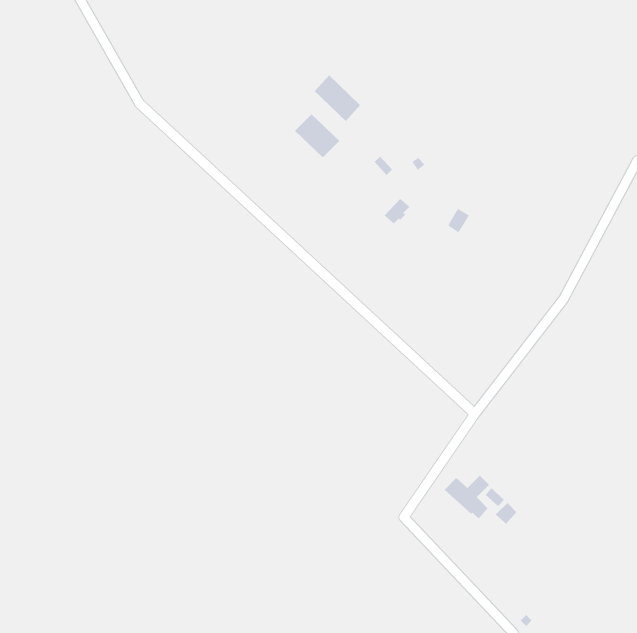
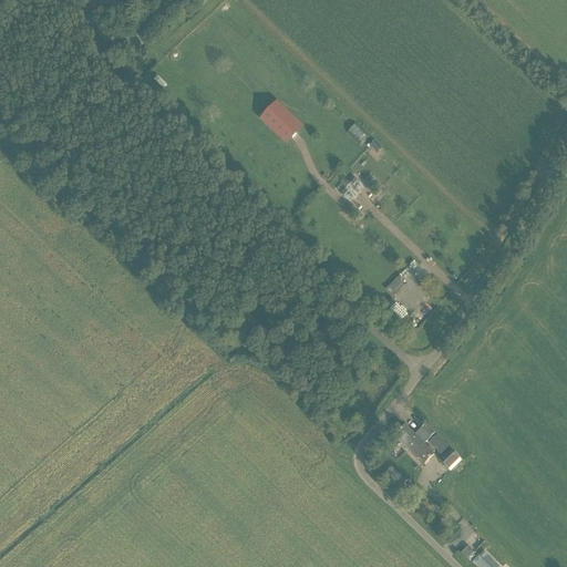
building: [314,75,361,122] -> none

